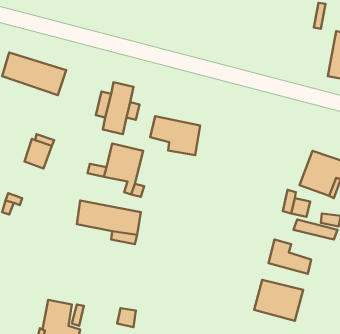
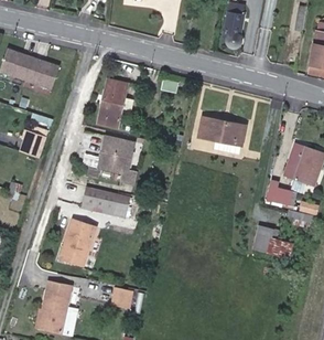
building: none -> [223,11,244,45]
building: [150,116,200,155] -> [198,116,245,152]
building: none -> [52,220,90,268]
building: [254,280,303,321] -> none

